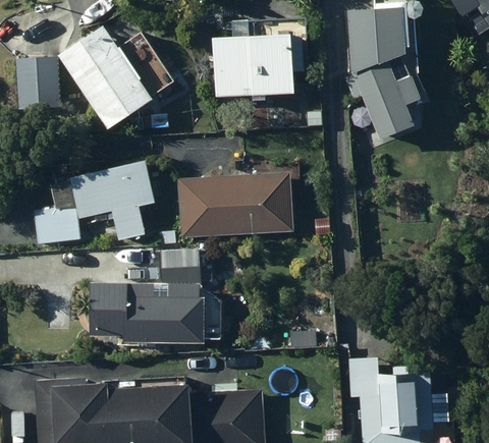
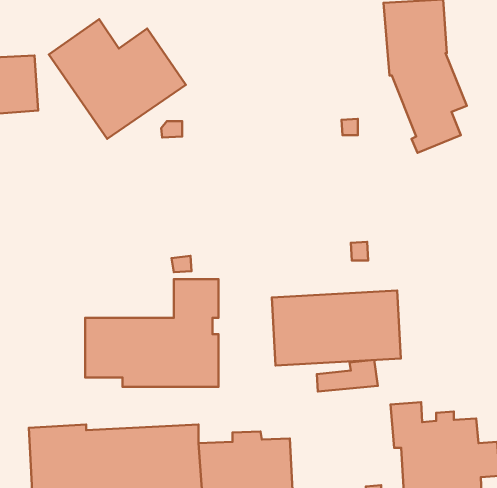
building: [211,36,290,97] -> none
building: [36,161,155,243] -> none
building: [182,172,294,237] -> [272,291,401,366]

